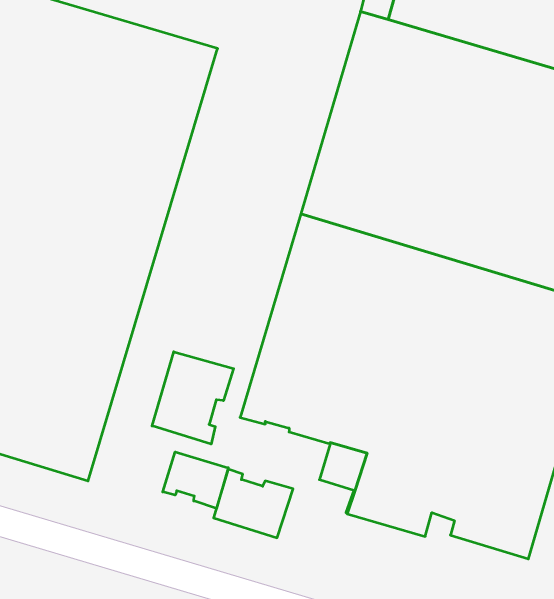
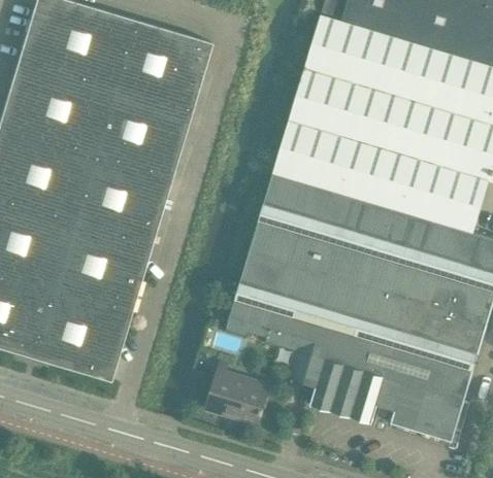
building: [152,352,234,444] -> none
building: [163,452,228,508] -> none

